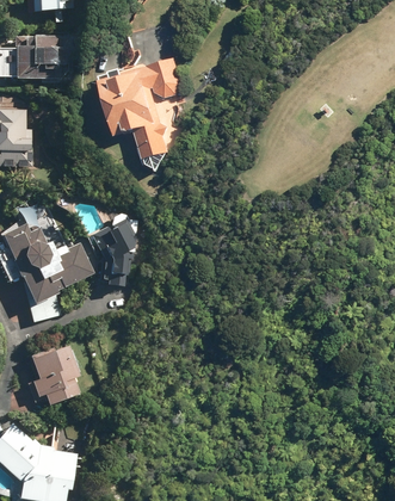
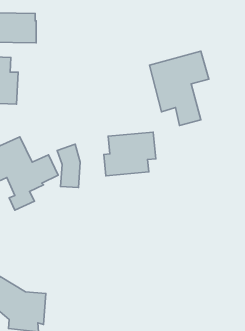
building: [97,51,184,160] -> [149,51,209,126]
building: none -> [104,132,156,176]
building: [24,329,82,404] -> none

